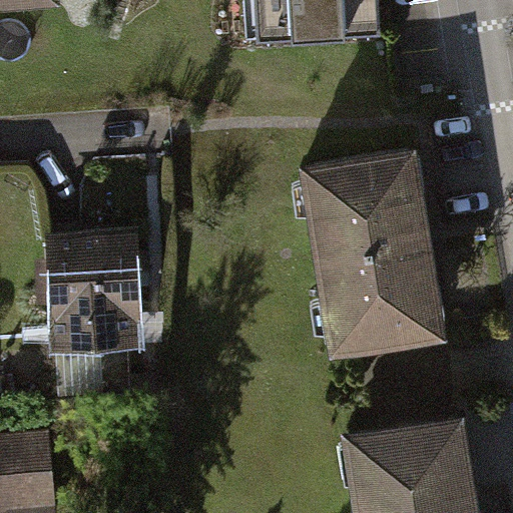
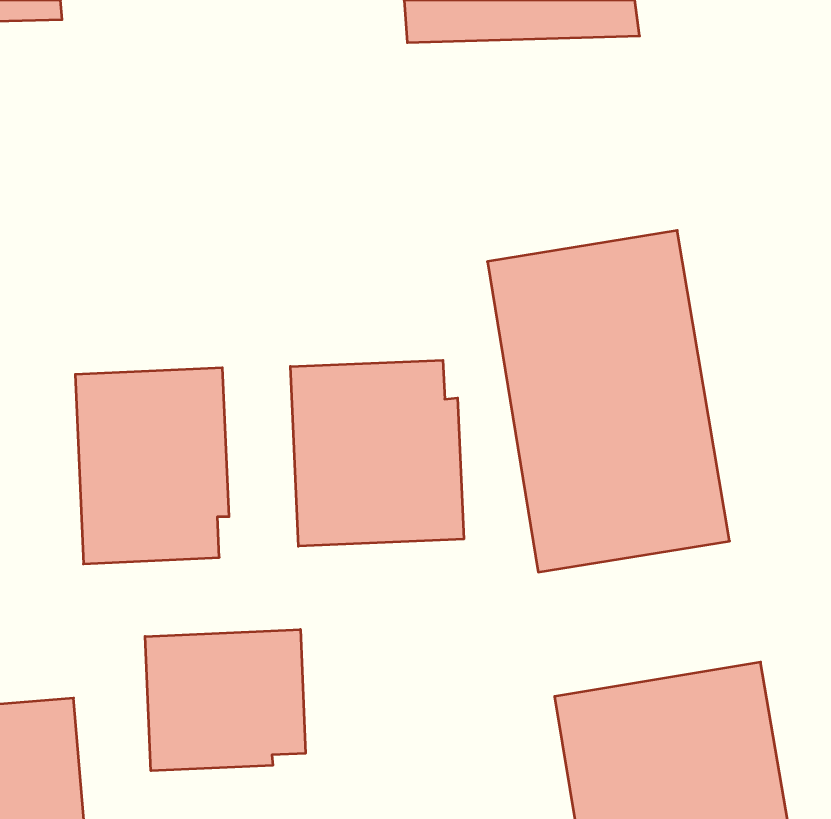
building: none -> [290,360,464,546]
building: none -> [145,629,305,771]

